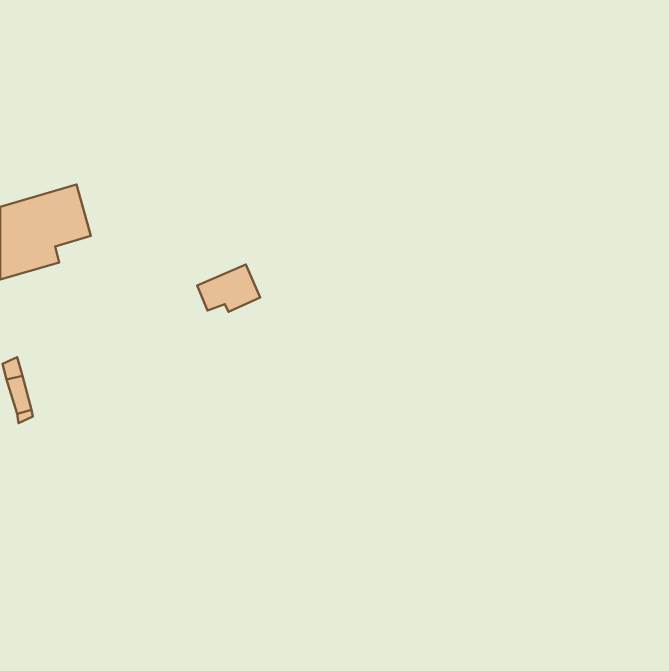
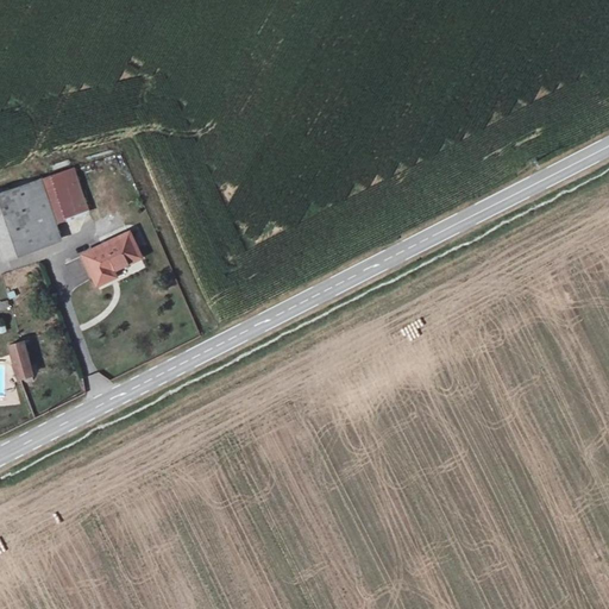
building: [197,264,260,312] -> [87,237,144,280]

